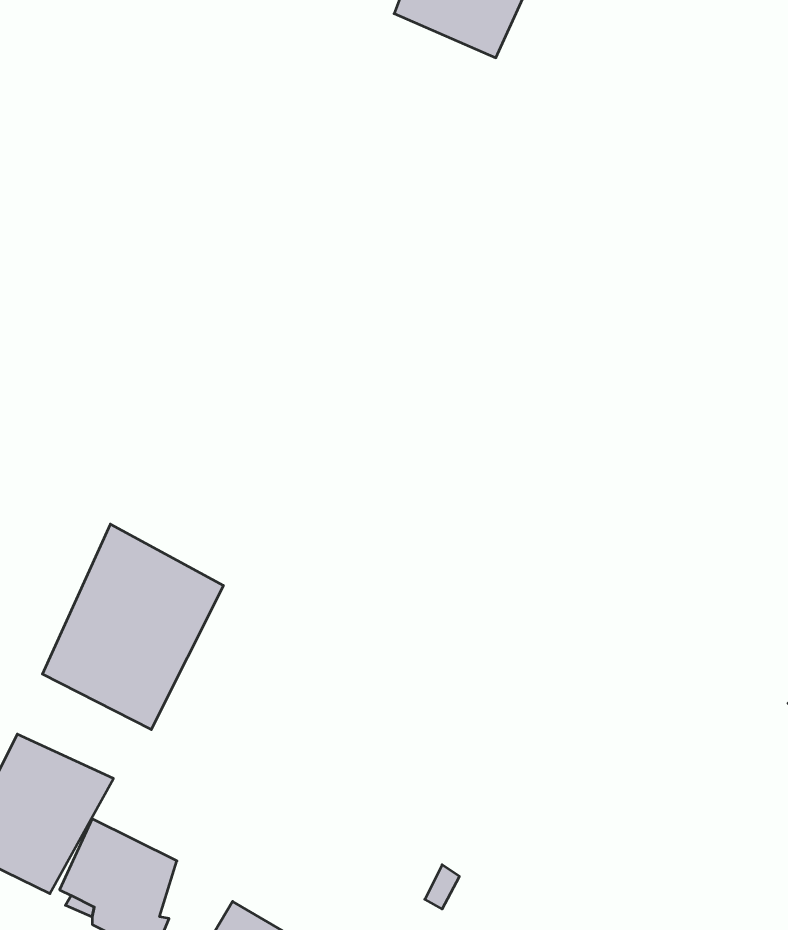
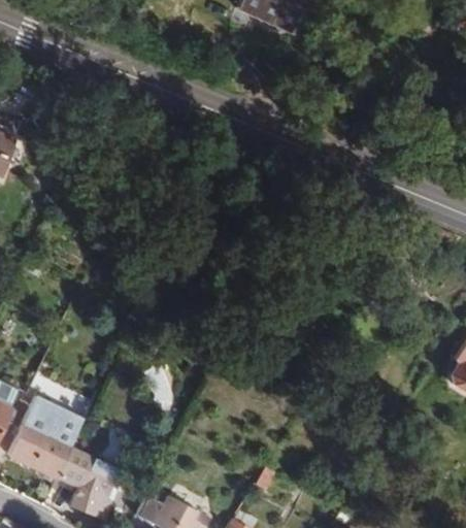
building: [42,524,223,730] -> none

